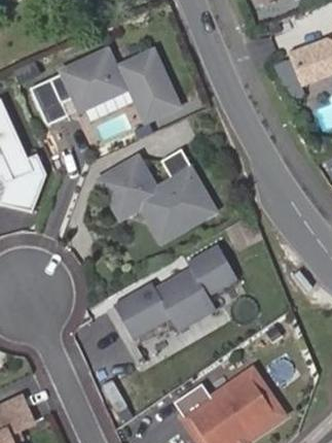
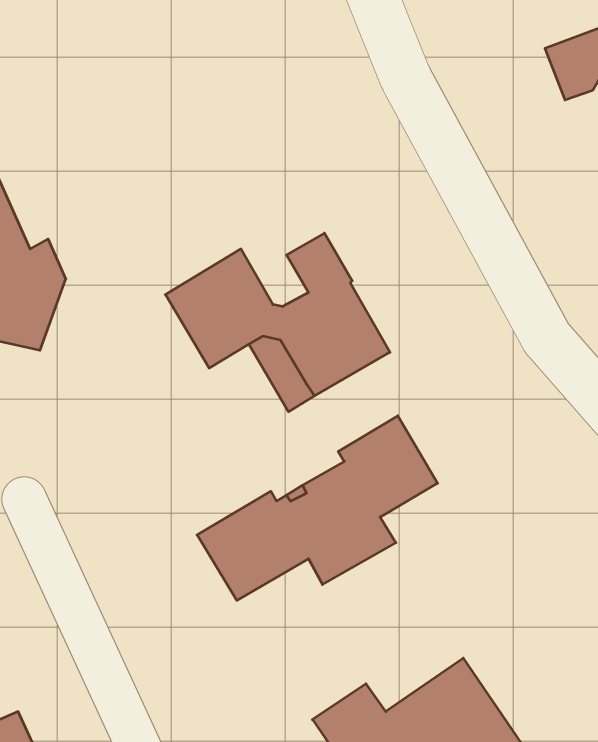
building: [31,48,179,124] -> none

